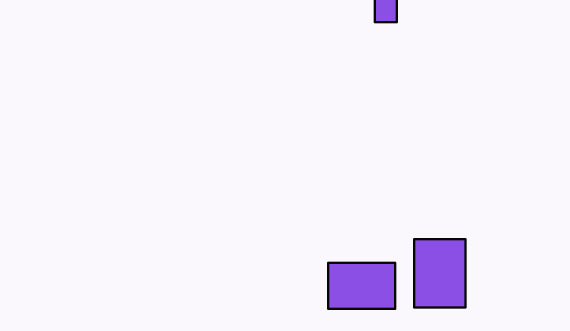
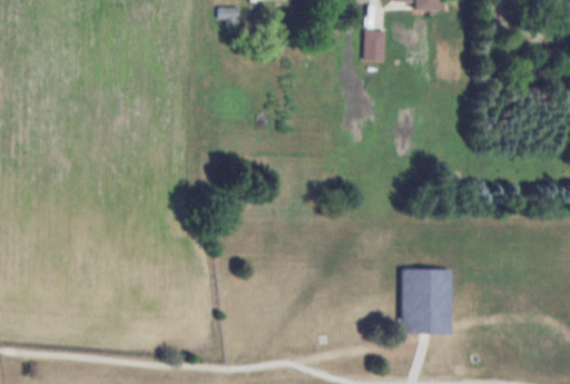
building: [328,263,395,309] -> none

